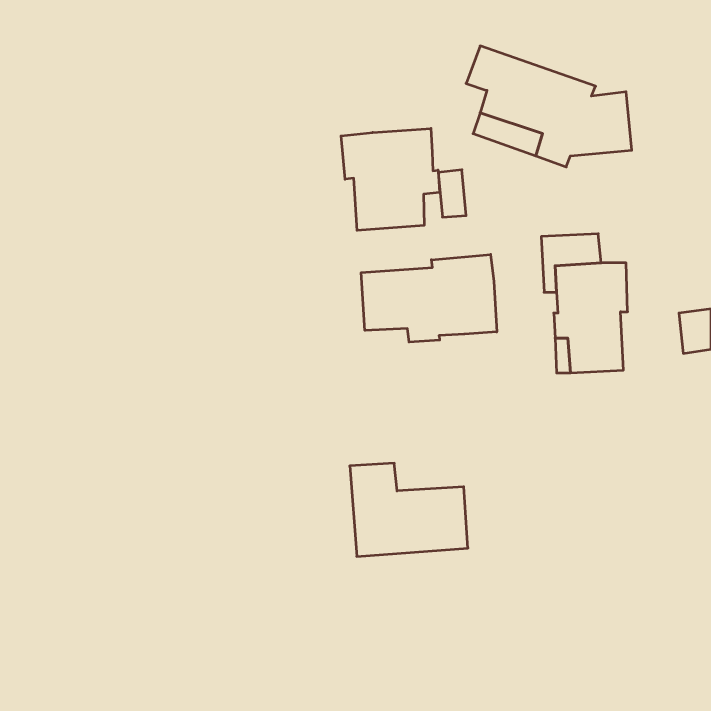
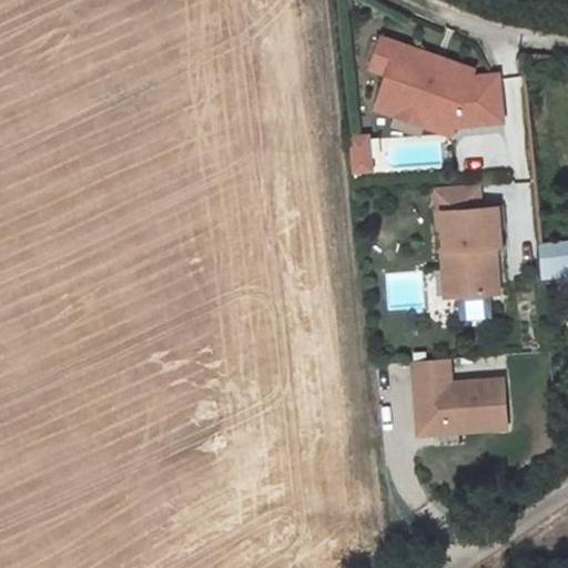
building: [341,128,439,230] -> none
building: [361,254,497,342] -> none
building: [350,463,468,556] -> [412,362,506,436]

